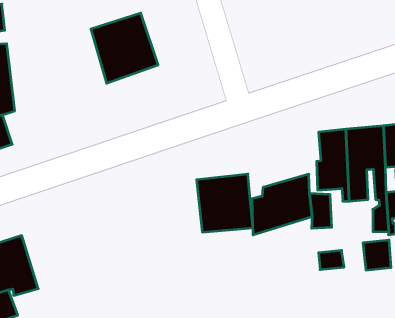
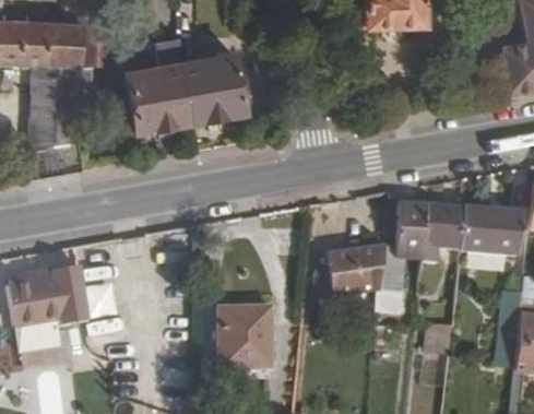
building: none -> [127,43,191,129]
building: [197,174,253,232] -> [221,309,276,367]

